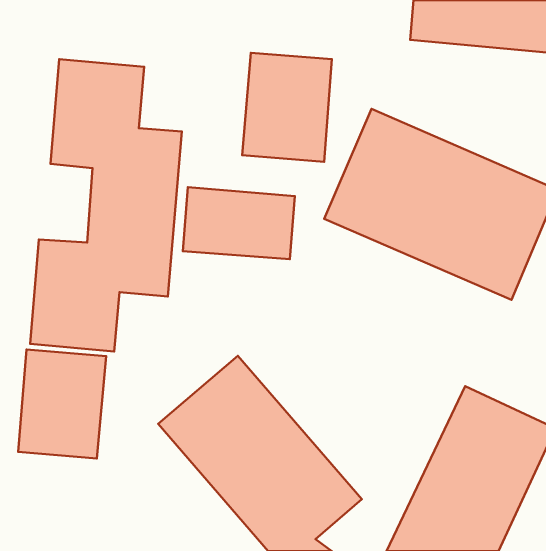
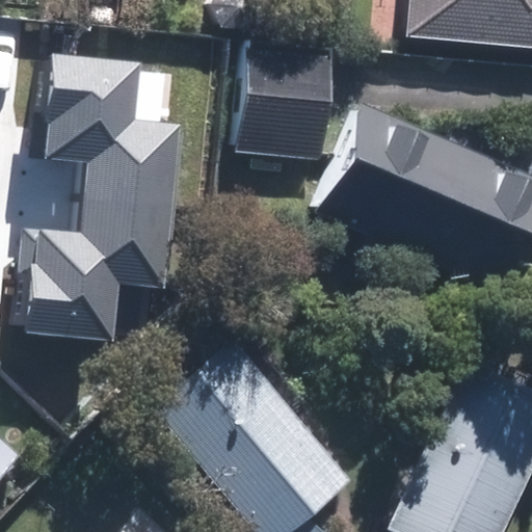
building: [183,187,295,259] -> none
building: [18,349,106,458] -> none

